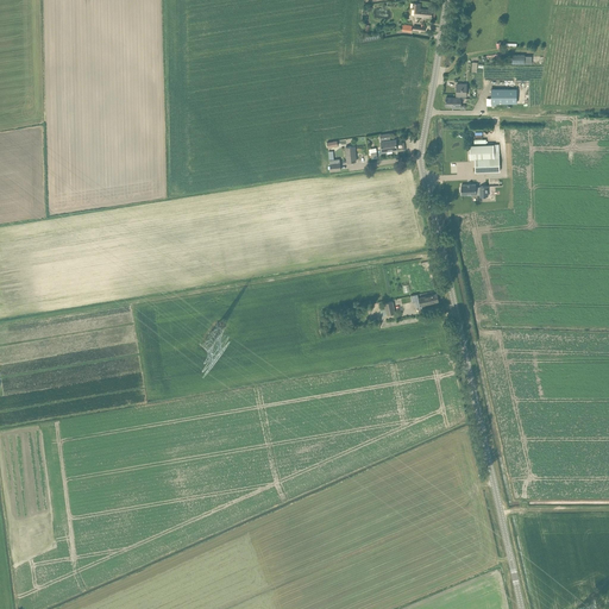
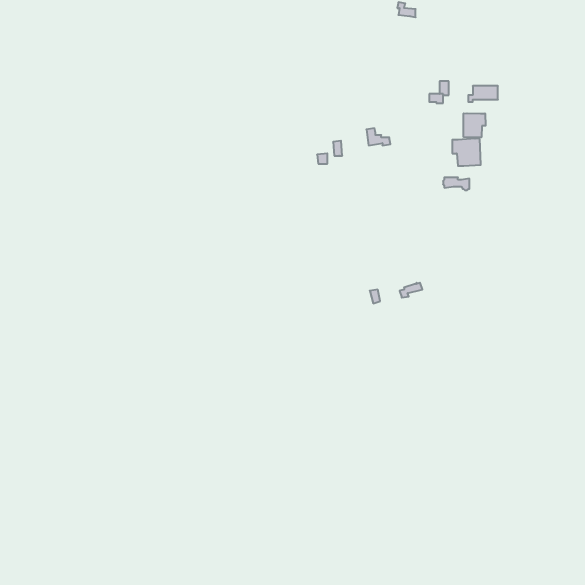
building: none -> [464,113,486,137]

